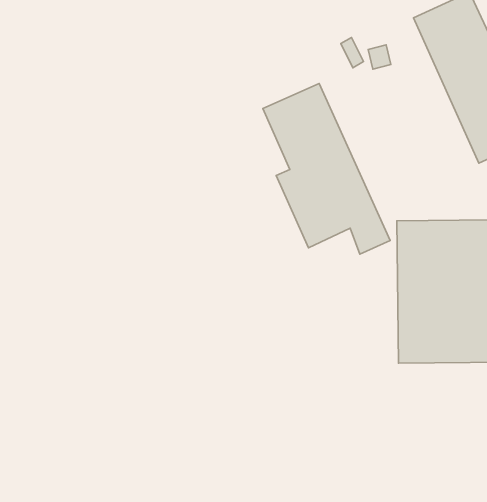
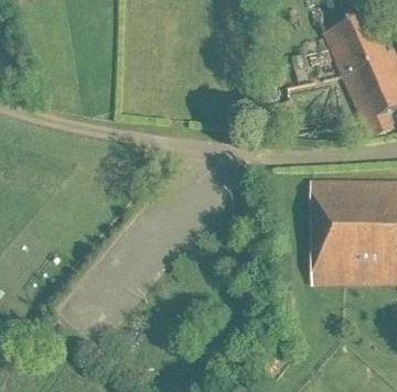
building: [263,84,390,254] -> none

